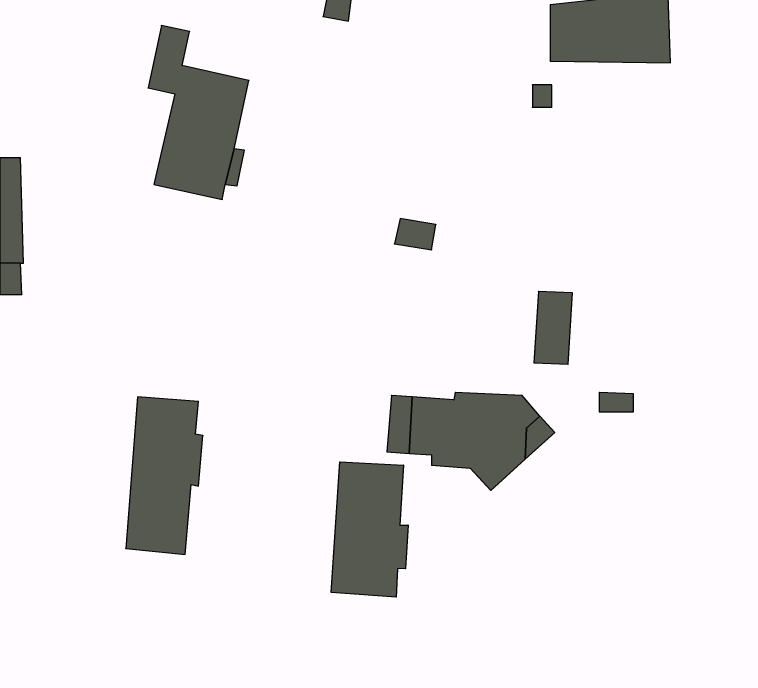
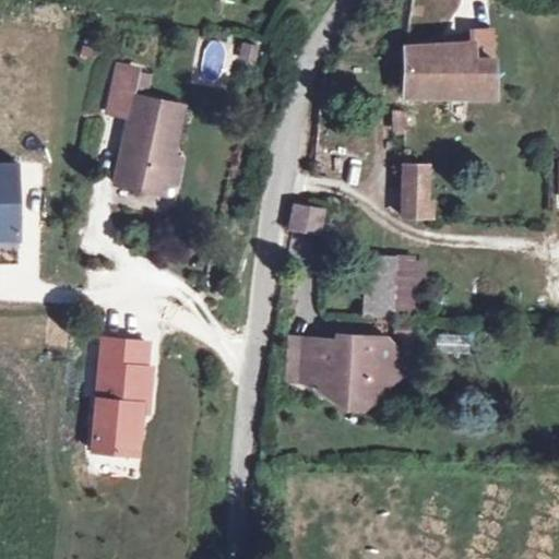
building: none -> [402,148,431,216]
building: none -> [365,258,396,314]
building: [331,462,408,597] -> none

